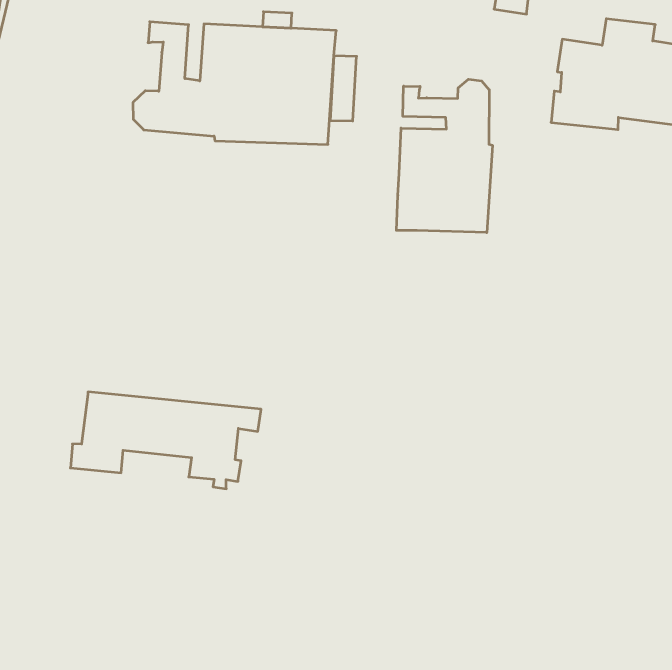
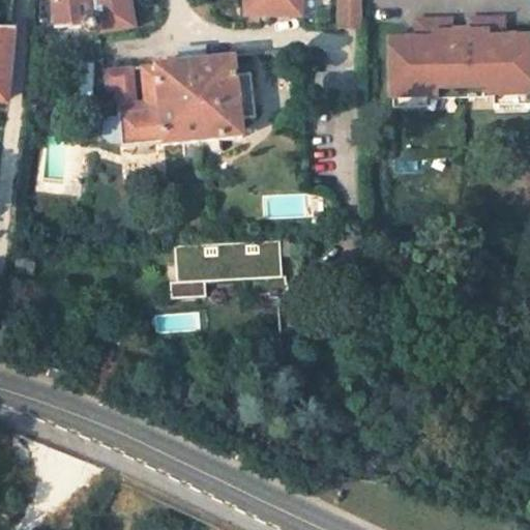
building: [396,79,492,233] -> none
building: [70,392,261,489] -> [171,238,296,298]

